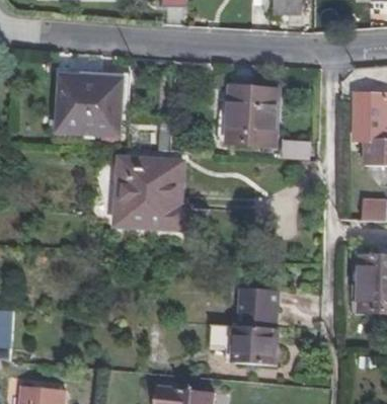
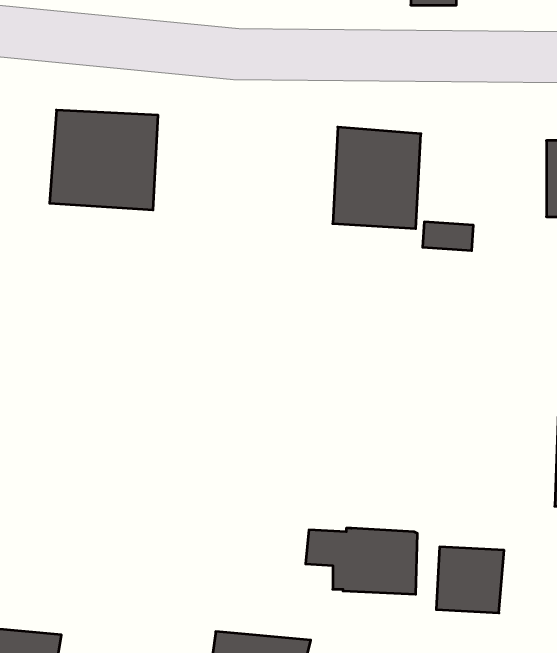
building: [114,158,190,230] -> none
building: [237,289,278,328] -> [436,547,504,613]

